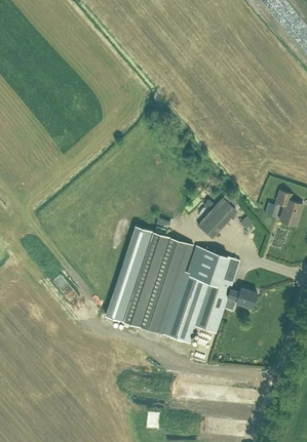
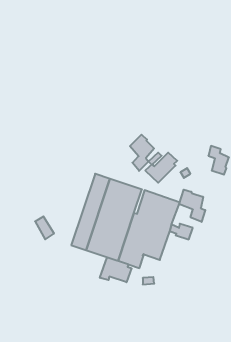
building: none -> [130,135,154,171]
building: none -> [179,190,205,222]
building: none -> [100,257,132,282]

